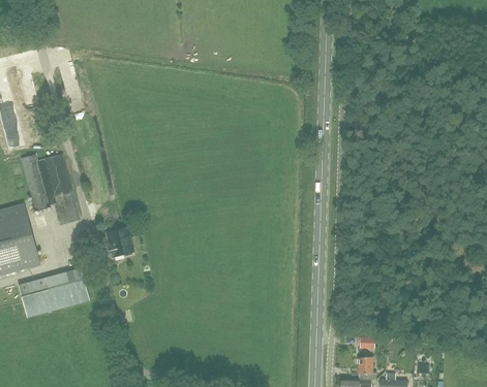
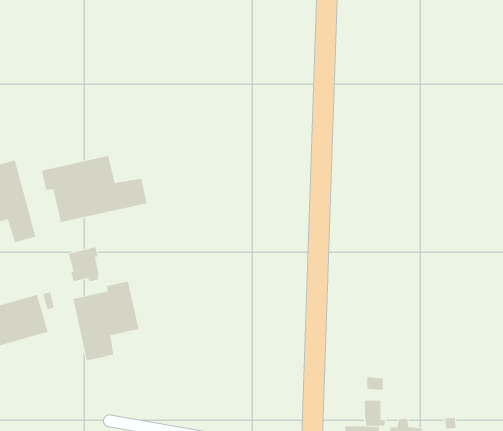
building: none -> [42,155,147,223]
building: none -> [73,281,139,361]

